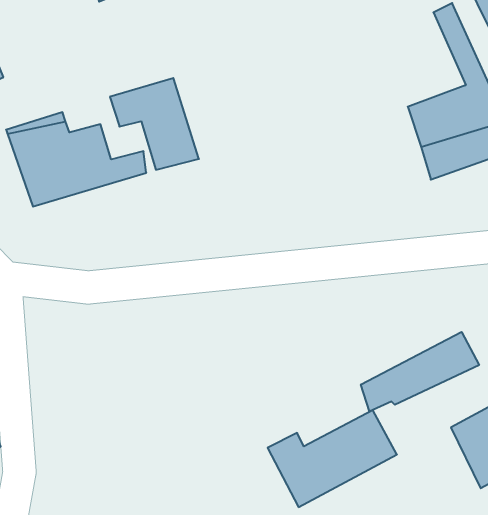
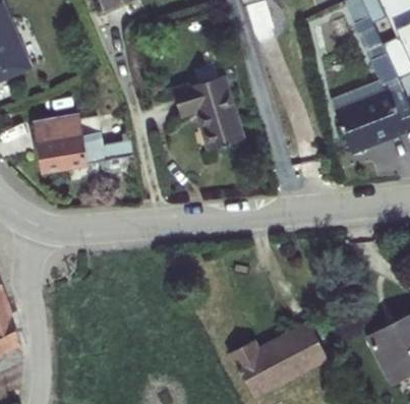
building: [110,78,199,170] -> [175,70,242,139]
building: [361,332,479,411] -> none

